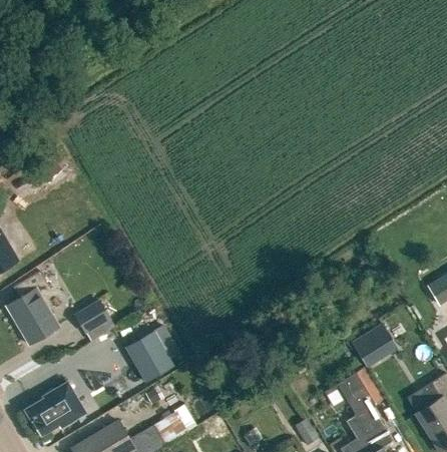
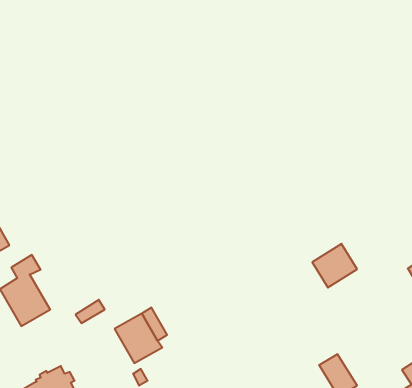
building: [75,300,109,332] -> none
building: [352,323,398,368] -> [312,244,357,288]

